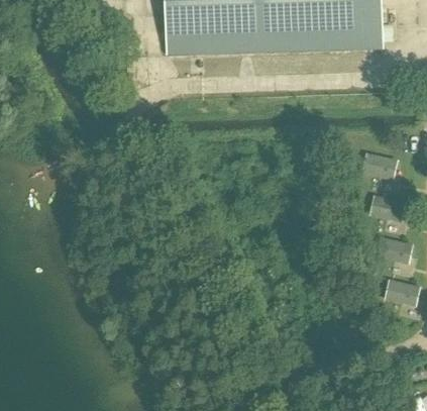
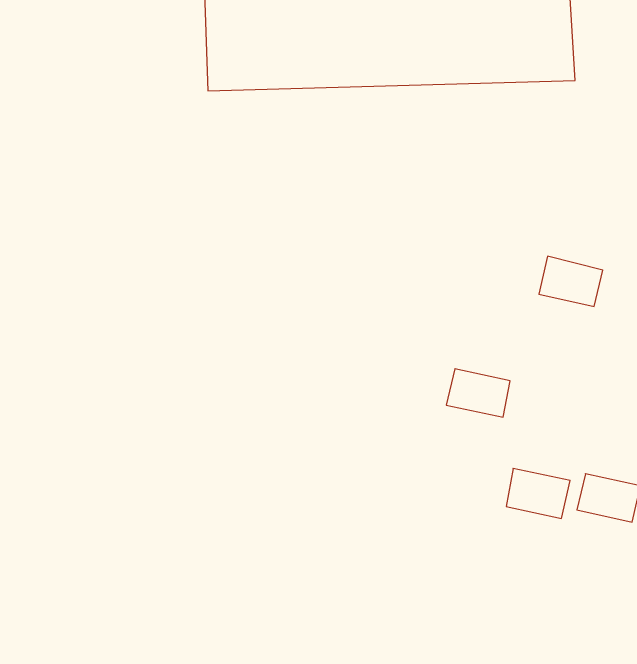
building: [367,195,405,223] -> [446,369,510,417]
building: [376,236,413,266] -> [506,468,570,518]

